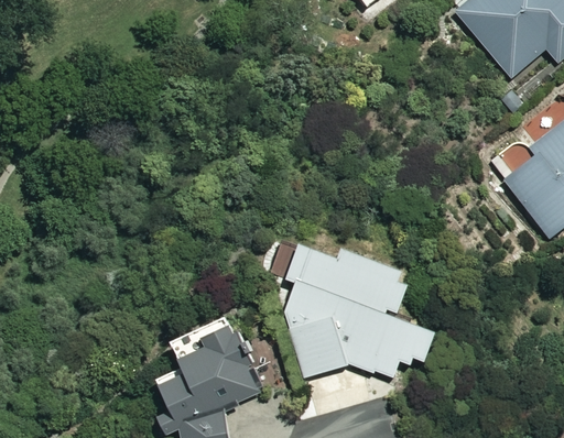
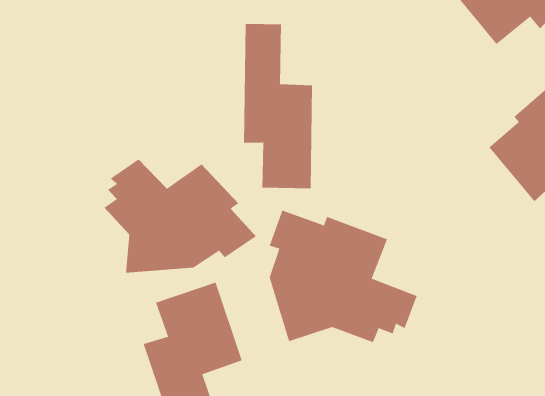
building: none -> [244,23,312,189]
building: none -> [103,159,257,273]

